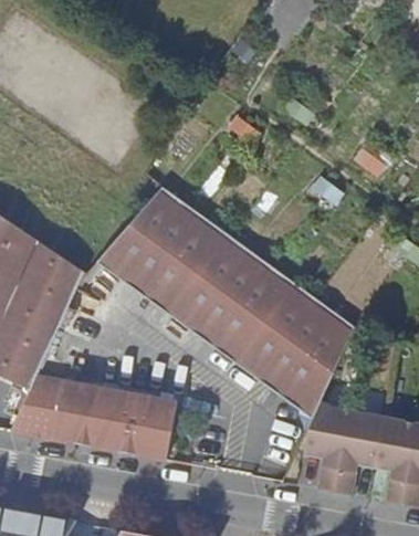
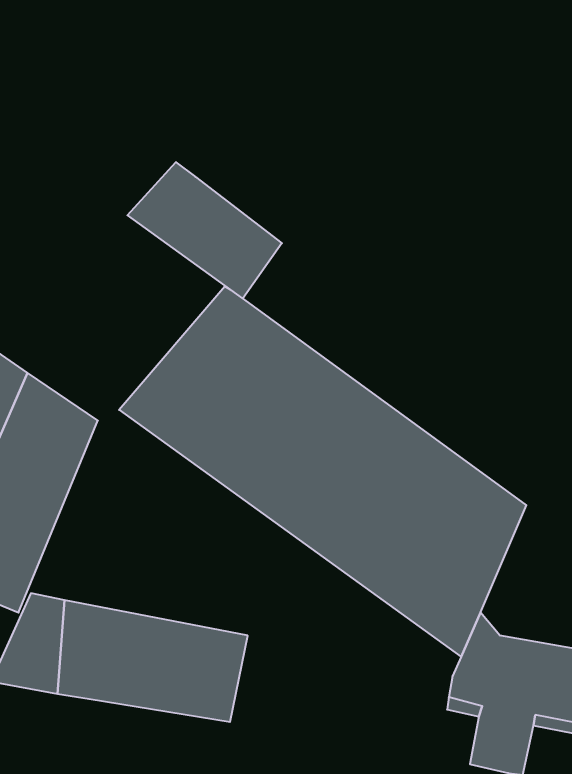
building: none -> [127,162,282,299]

